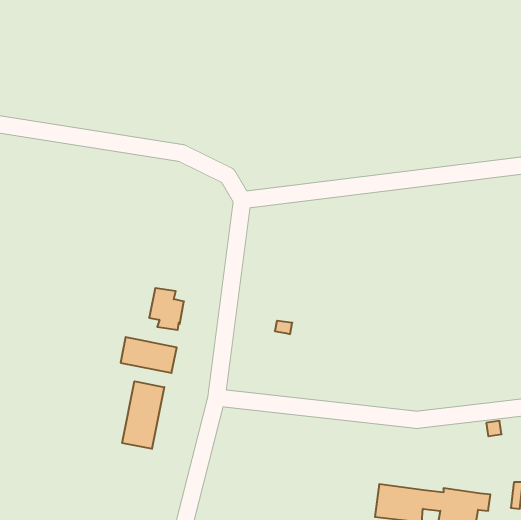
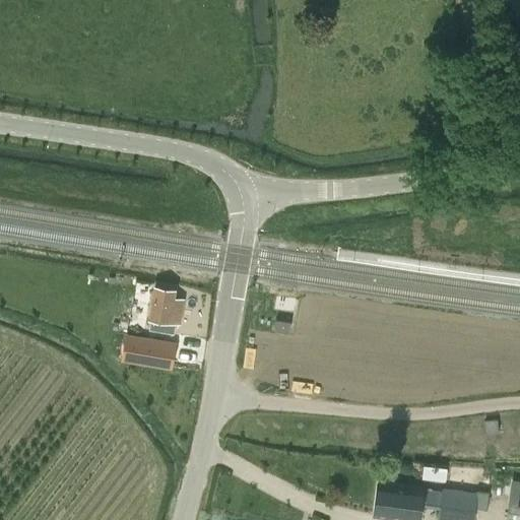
building: [122,381,164,449] -> none

